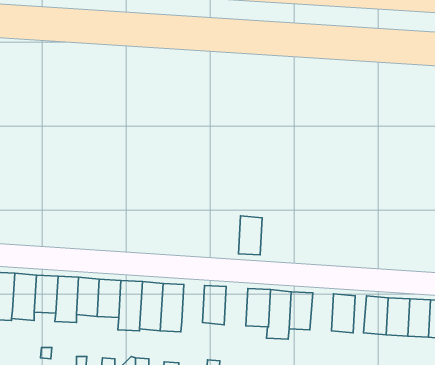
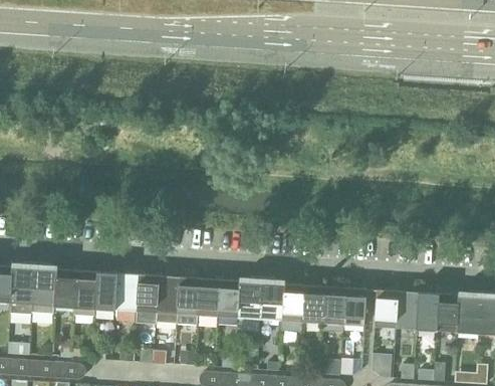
building: [238,216,262,255] -> [239,280,262,319]
building: none -> [198,278,220,316]
building: none -> [322,286,345,333]

